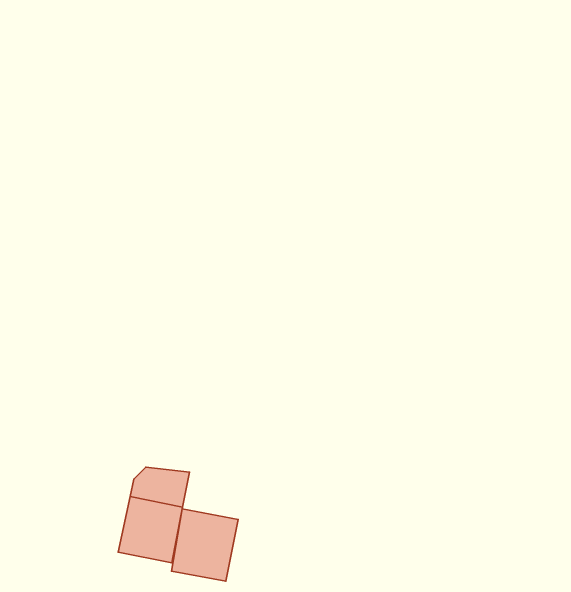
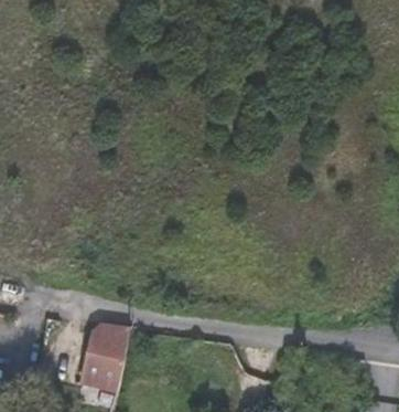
building: [171,509,238,581] -> none

